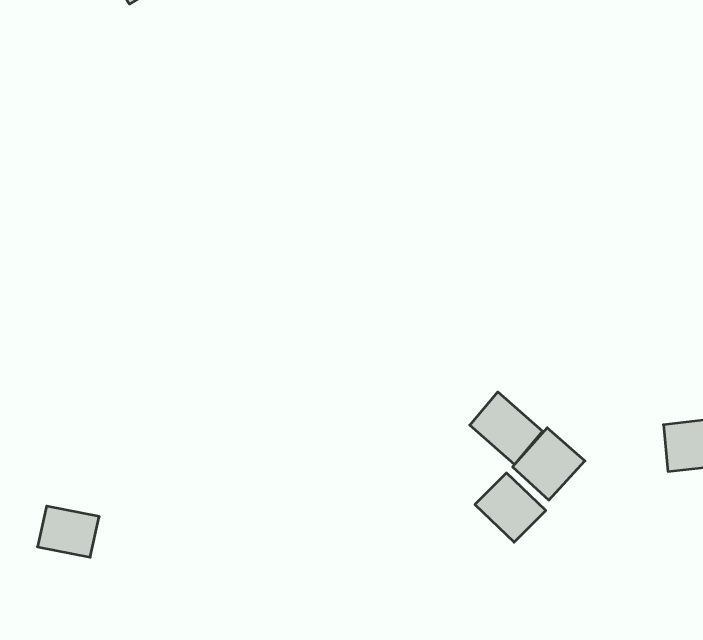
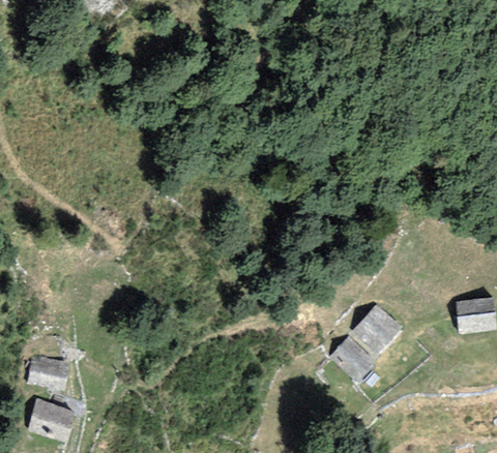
building: [470,392,543,464] -> none
building: none -> [28,399,74,440]

